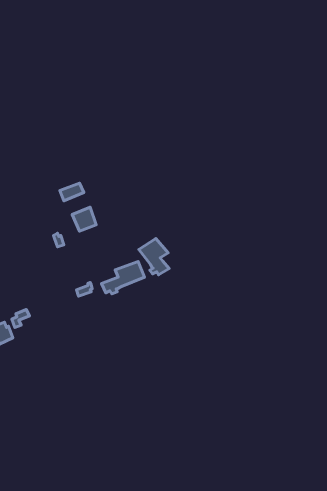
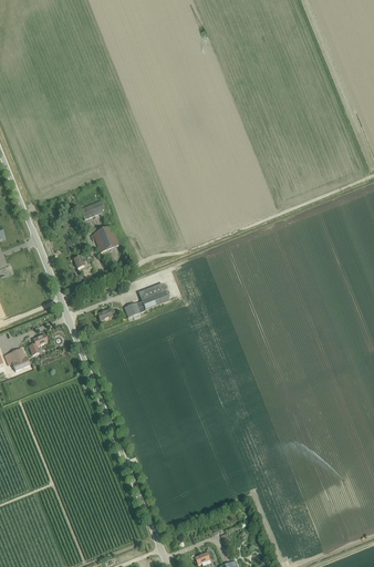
building: [139,239,169,275] -> none

